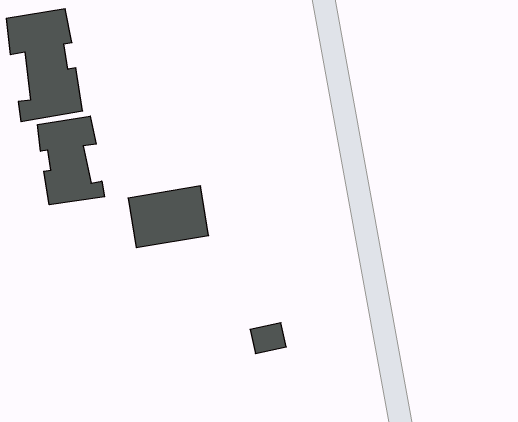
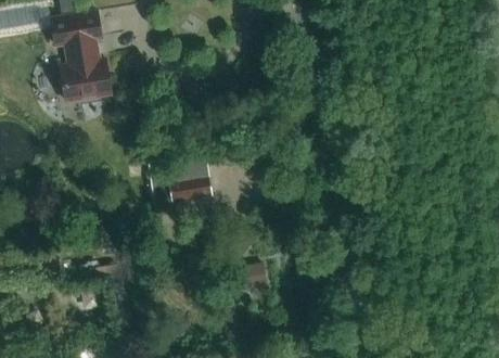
building: [38,116,105,205] -> none

